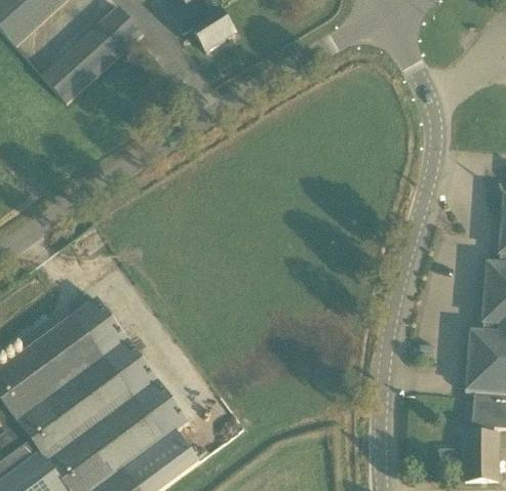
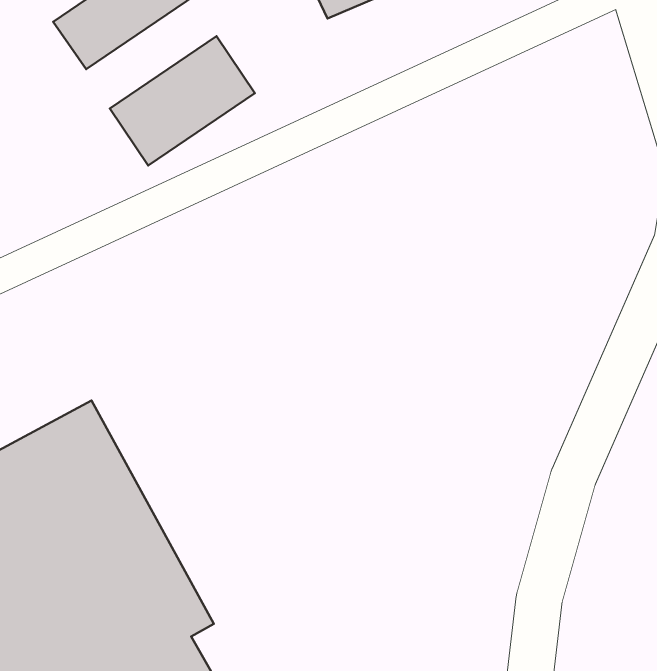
building: none -> [110,36,255,166]

